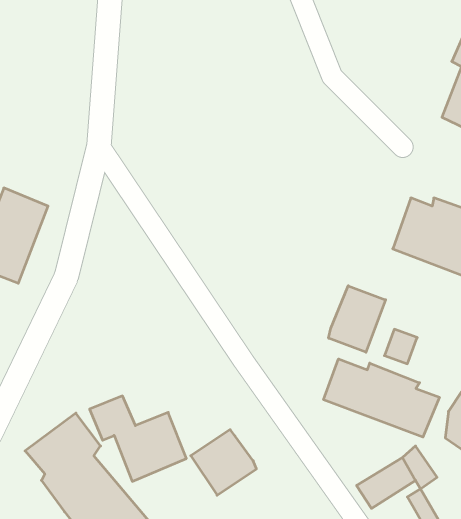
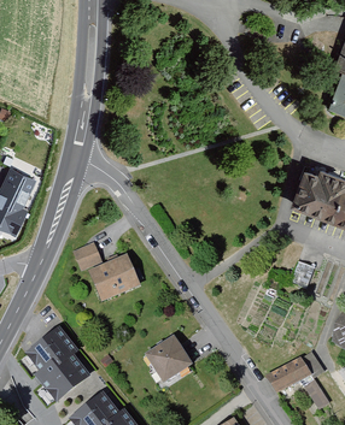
building: [329,286,386,352] -> none
building: [324,359,439,437] -> none
building: [90,396,186,481] -> [70,238,141,301]

